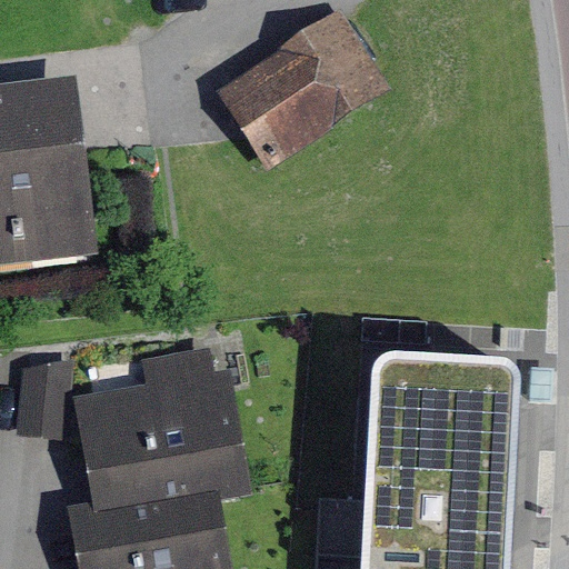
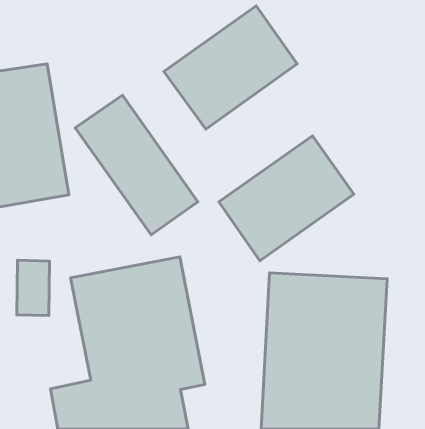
building: none -> [75,95,198,235]
building: none -> [219,136,354,261]

